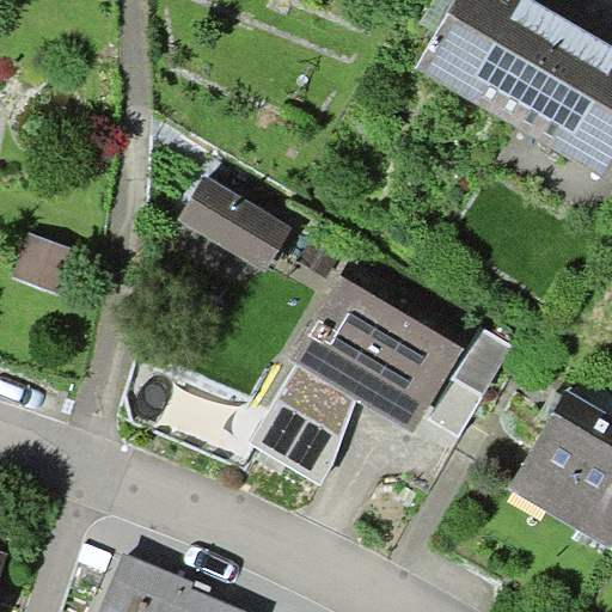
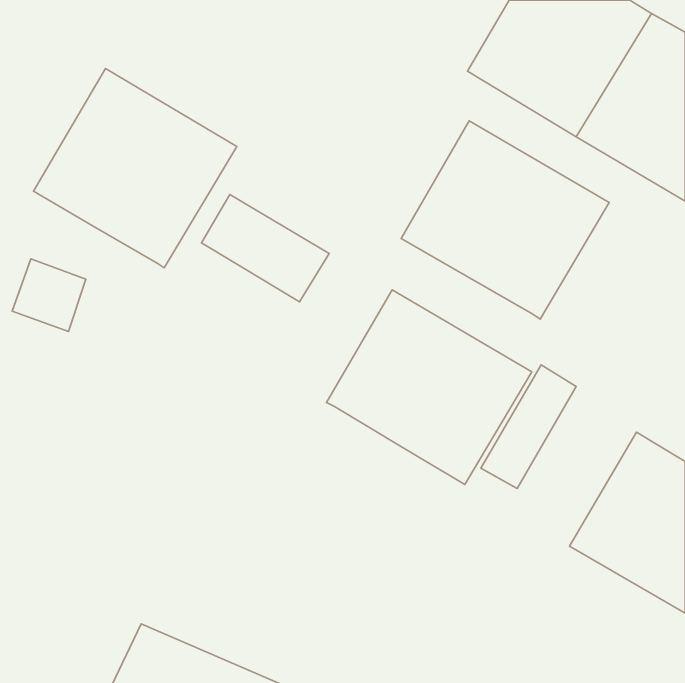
building: none -> [33,68,237,268]
building: none -> [401,121,609,319]
building: [249,365,357,486] -> none

